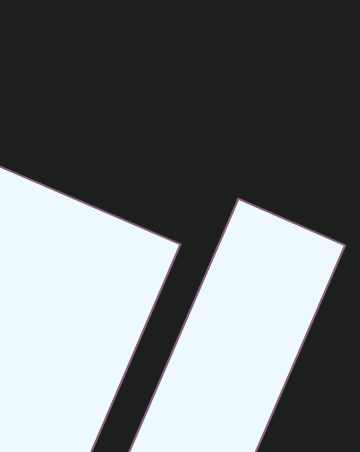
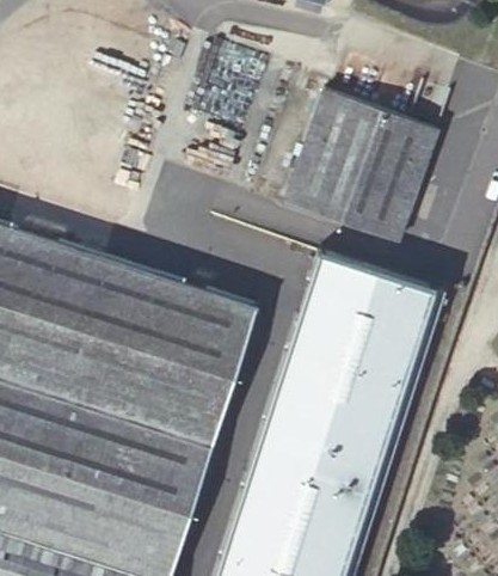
building: none -> [288,87,438,239]

